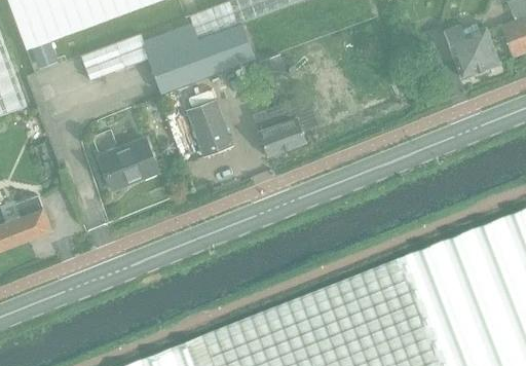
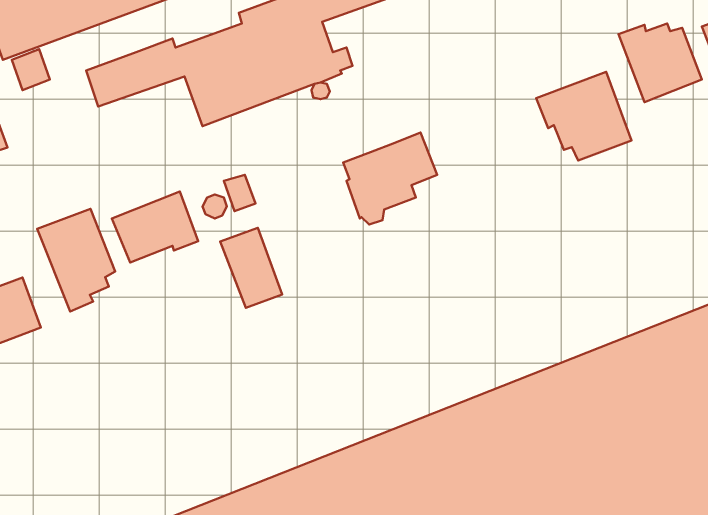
building: none -> [536,72,631,160]
building: [190,101,232,155] -> [220,228,282,308]
building: none -> [37,209,115,311]

